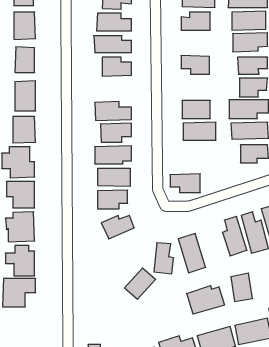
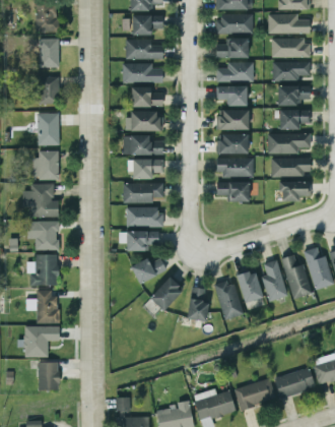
building: none -> [216,62,253,81]
building: none -> [216,110,249,130]
building: none -> [127,111,162,131]
building: [170,174,200,193] -> [216,182,249,202]
building: [125,268,156,299] -> [149,278,183,311]
building: [231,273,252,301] -> [238,271,261,302]
building: [187,286,224,314] -> none
building: none -> [38,362,59,390]

